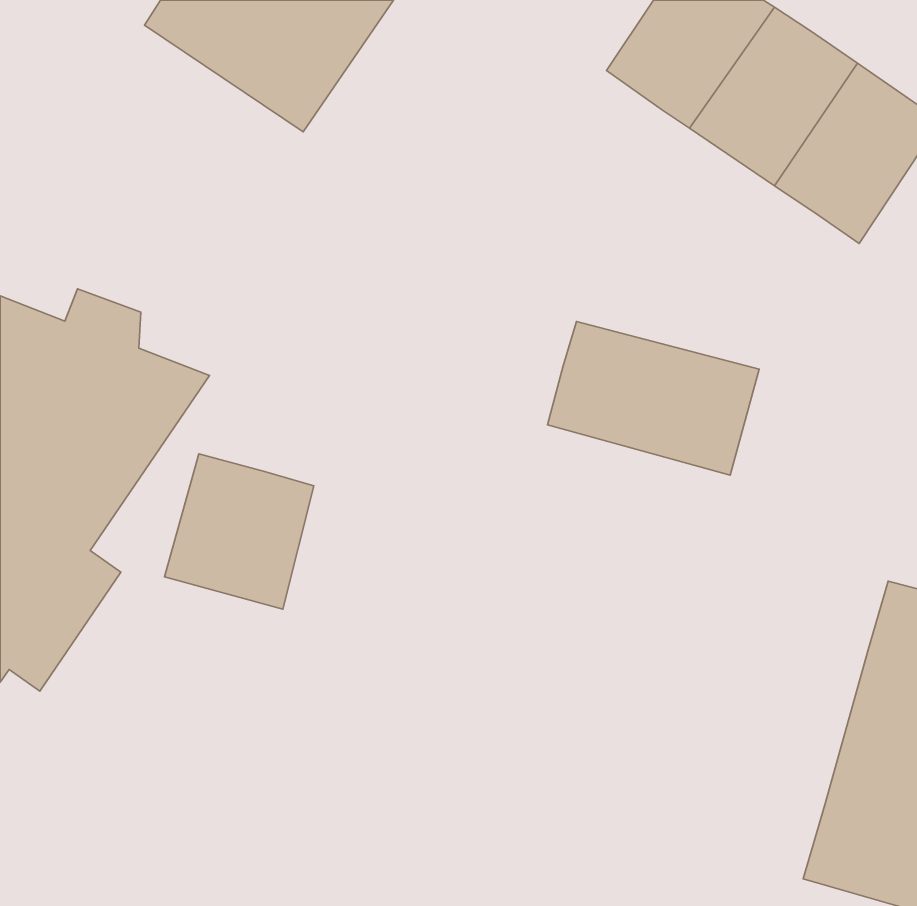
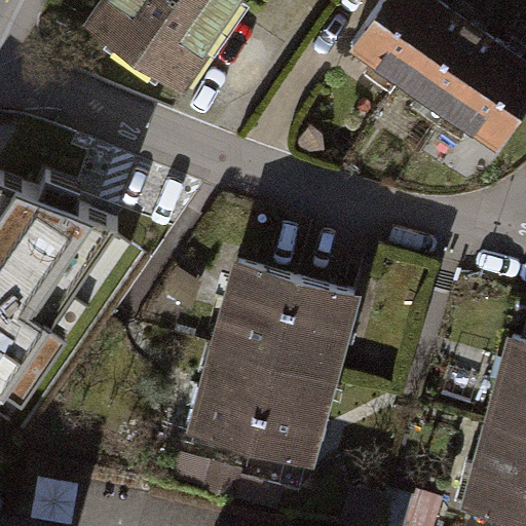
building: [547,322,759,475] -> none
building: none -> [188,265,348,465]
building: [165,454,314,609] -> none

